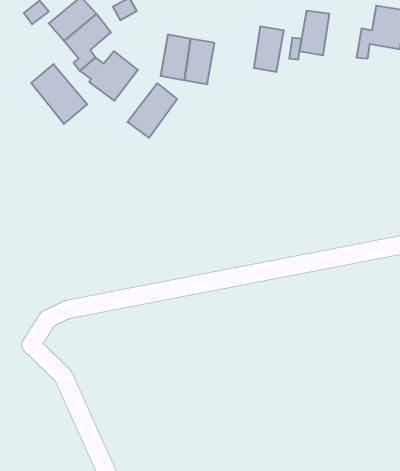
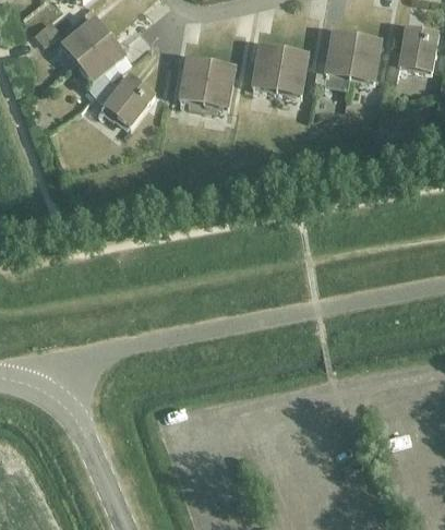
building: none -> [349,34,381,82]
building: none -> [251,44,282,91]
building: [31,64,87,124] -> none
building: [127,83,177,138] -> none

